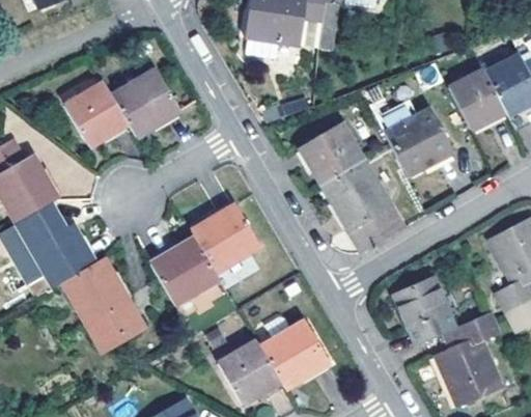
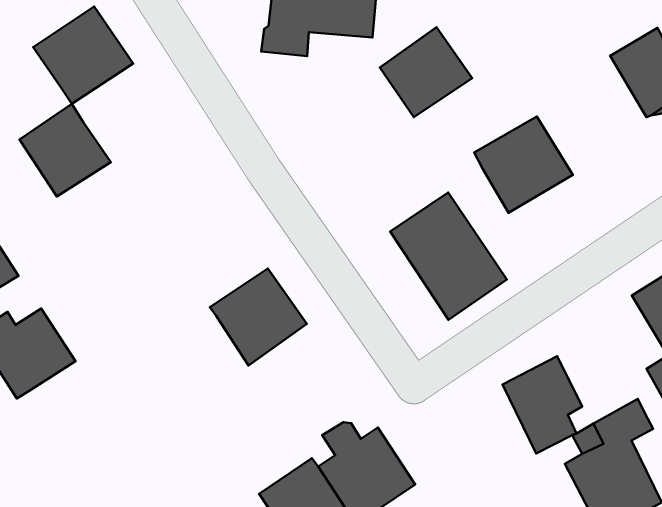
building: [111,70,180,137] -> [33,7,133,104]
building: [448,70,505,132] -> none
building: [300,122,364,185] -> [380,27,472,117]
building: [151,237,220,306] -> none
building: [62,257,142,349] -> none

